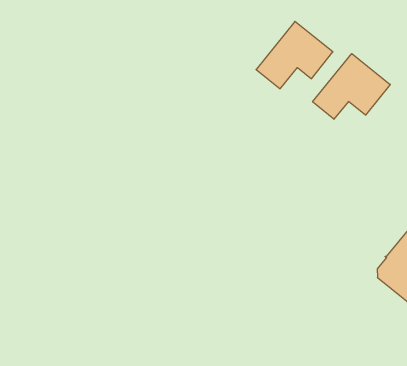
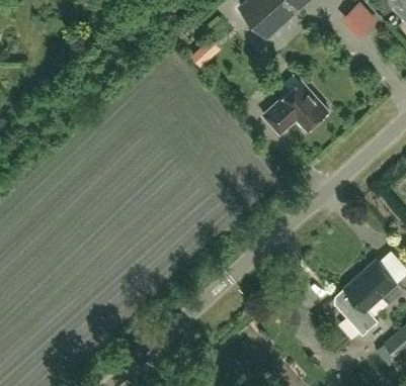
building: [313,54,390,119] -> none

